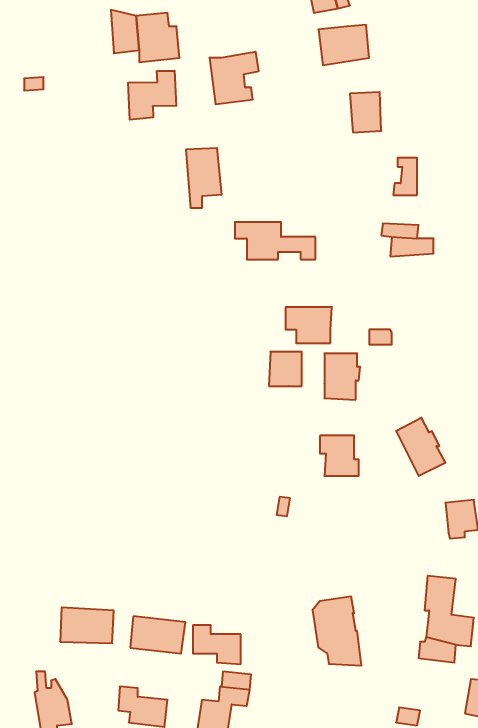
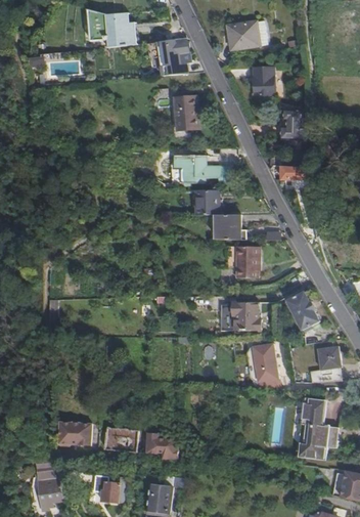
building: [128,71,176,120] -> none
building: [186,148,222,208] -> [172,96,196,137]
building: [269,352,302,386] -> [193,190,216,214]
building: [312,597,362,665] -> [244,341,278,388]

